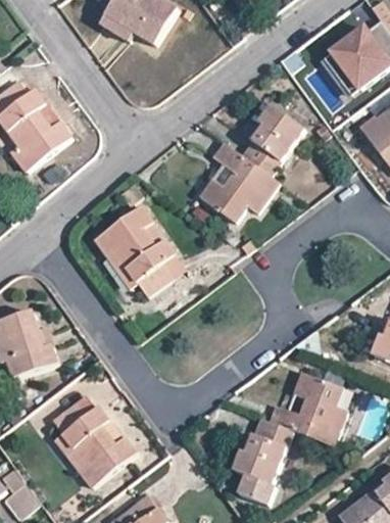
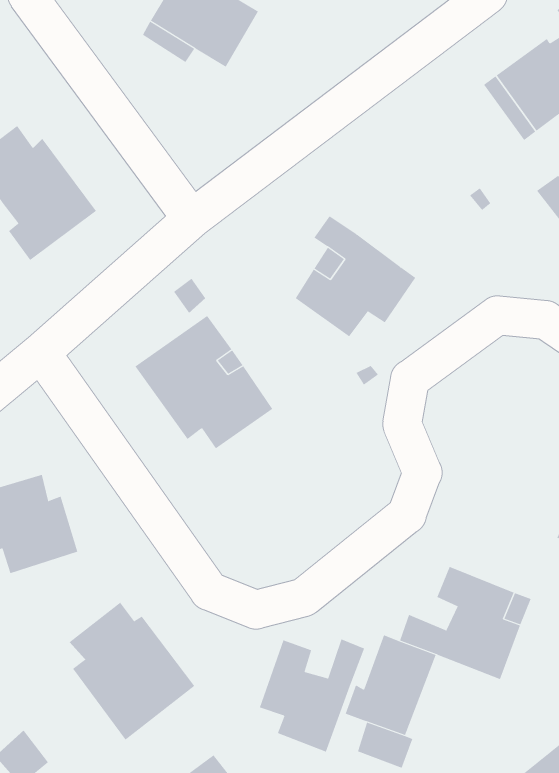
building: [239,100,302,176] -> none
building: none -> [259,639,365,753]

